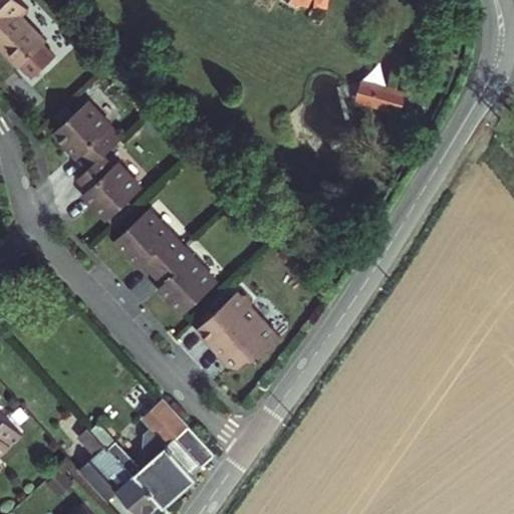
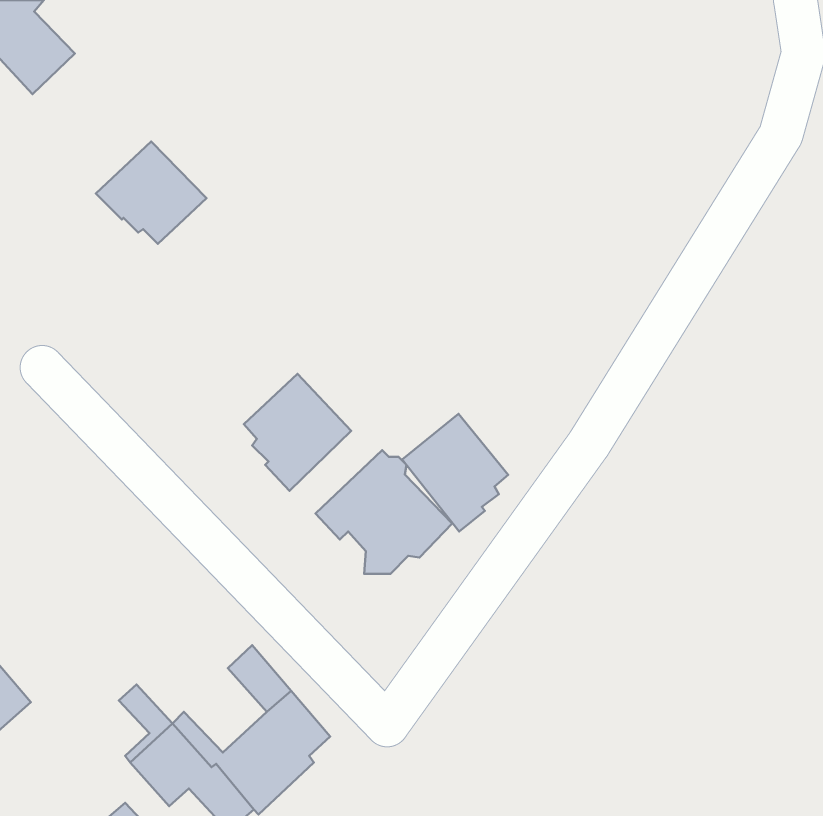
building: [355,84,410,122] -> none
building: [81,148,146,216] -> none
building: [111,204,184,271] -> none
building: none -> [402,414,508,532]

